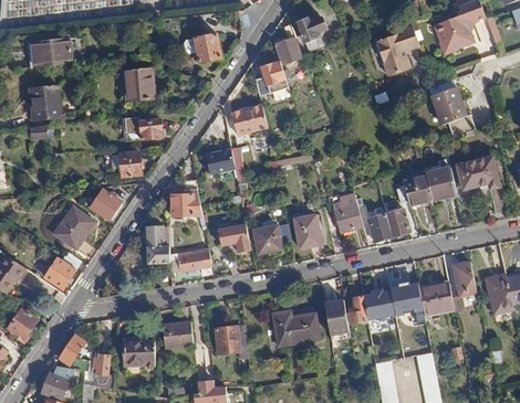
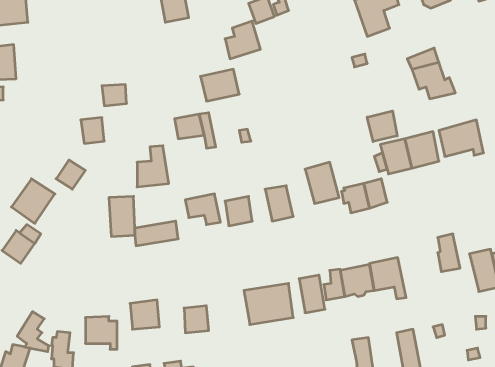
building: [122,68,152,100] -> none
building: none -> [367,111,397,142]
building: [418,280,454,315] -> none

